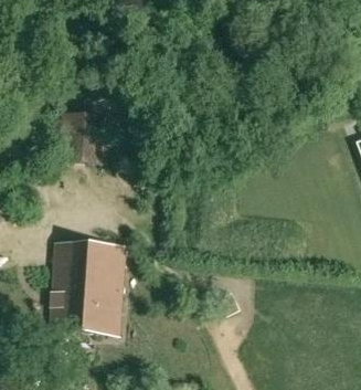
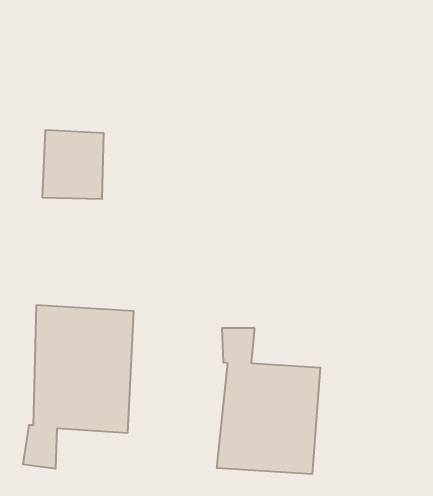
building: none -> [217,328,320,474]

